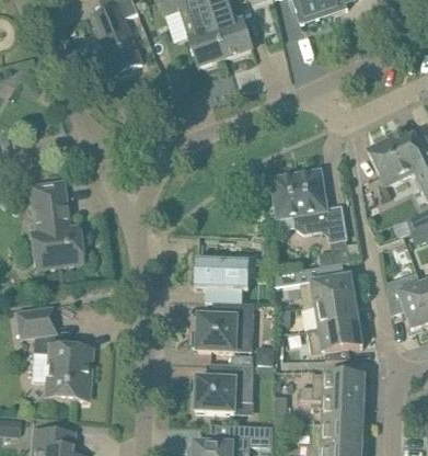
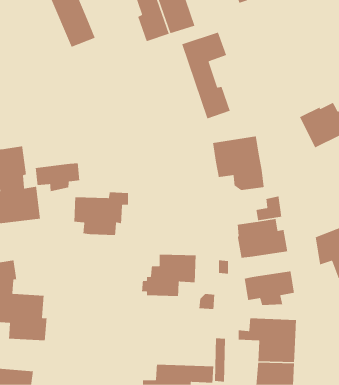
building: none -> [181,32,231,120]
building: none -> [35,163,80,192]
building: [195,253,256,303] -> [74,192,129,236]
building: [314,299,359,327] -> none
building: [195,363,254,412] -> none

